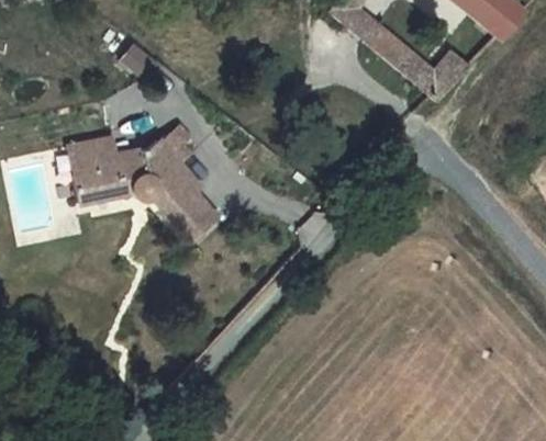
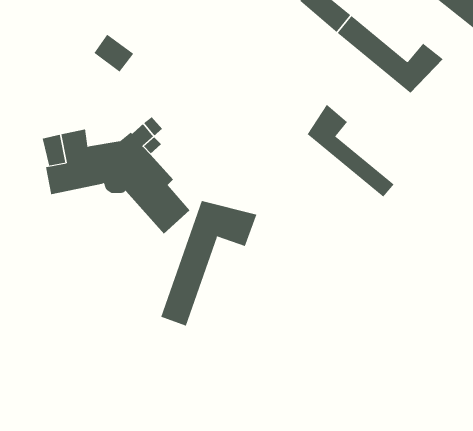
building: none -> [307,104,394,198]
building: none -> [160,200,257,326]

